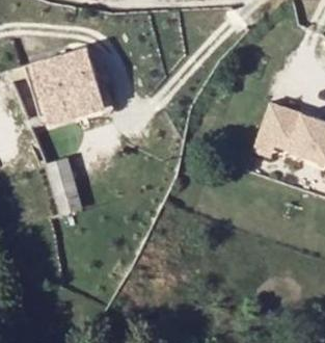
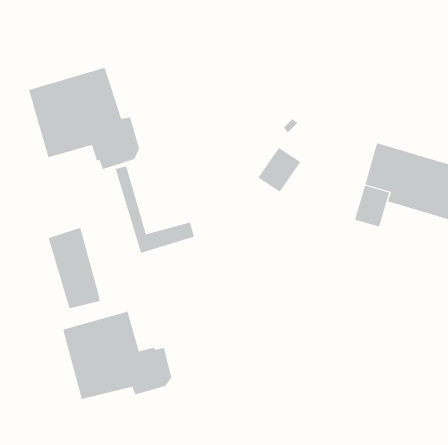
building: [22,65,77,126] -> [115,166,195,253]
building: none -> [62,311,172,400]

